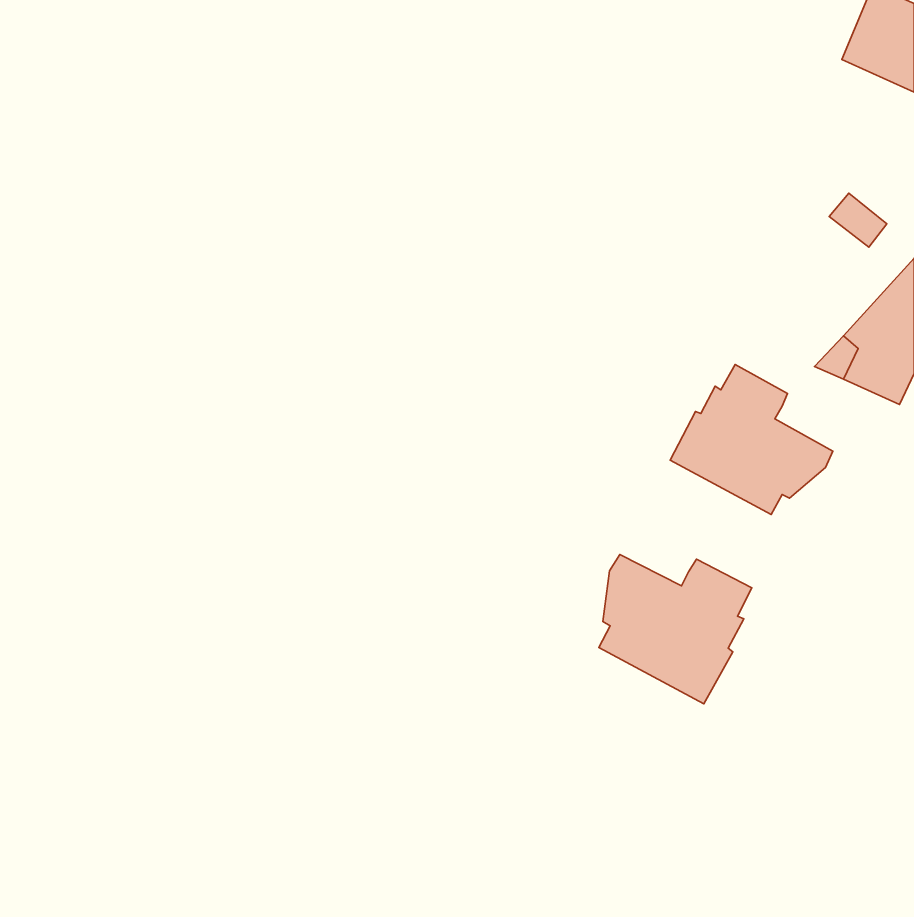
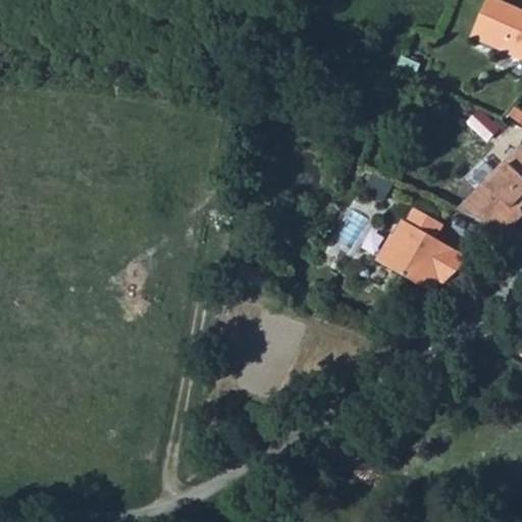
building: [599,555,752,704] -> none

